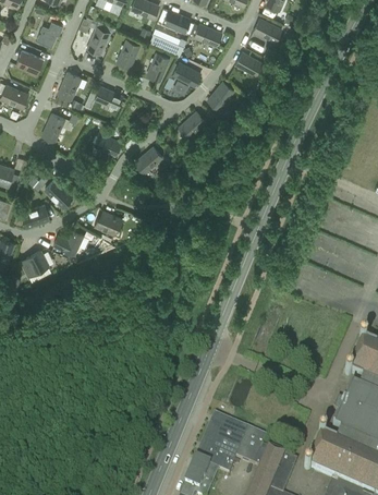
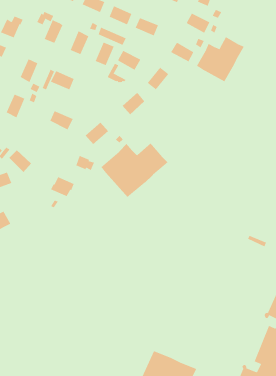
building: none -> [196,36,245,82]
building: none -> [101,142,168,198]
building: [53,230,88,255] -> none

